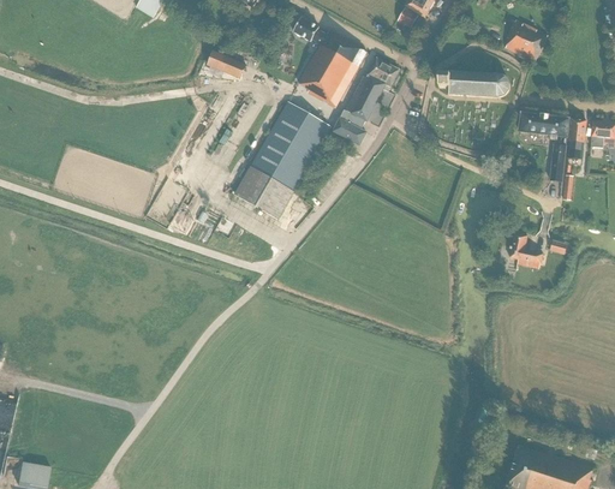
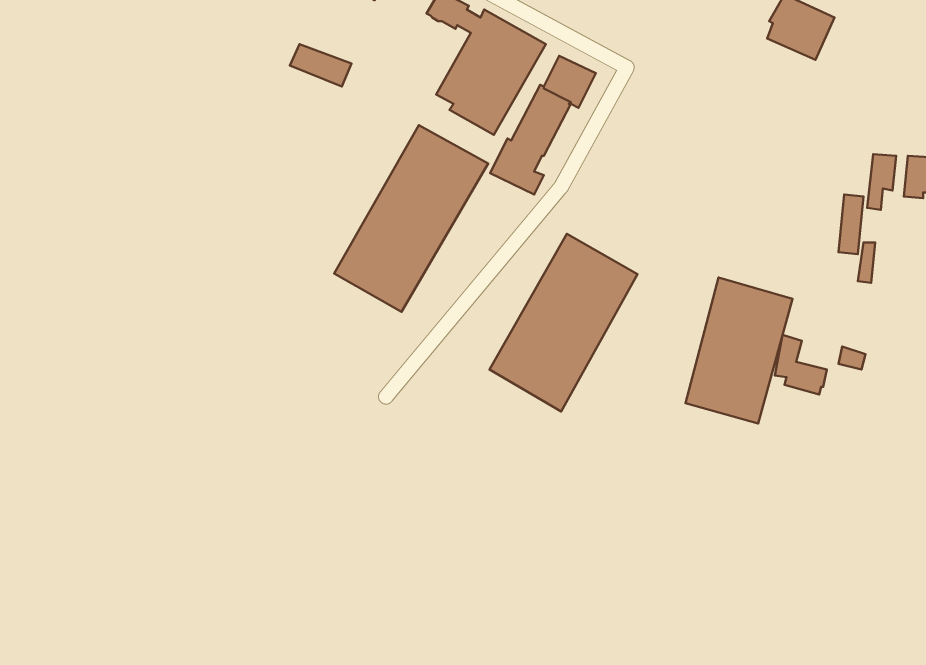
building: [437,71,507,97] -> none
building: [518,113,568,137] -> none
building: none -> [489,234,638,411]
building: none -> [685,278,793,423]

